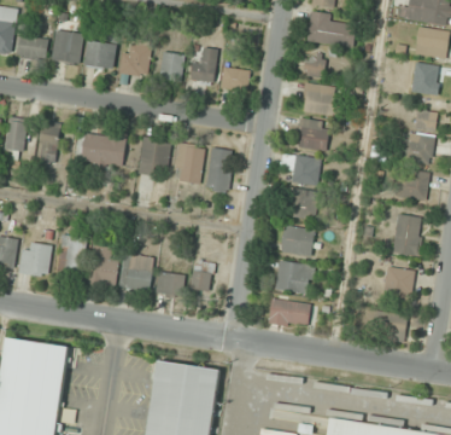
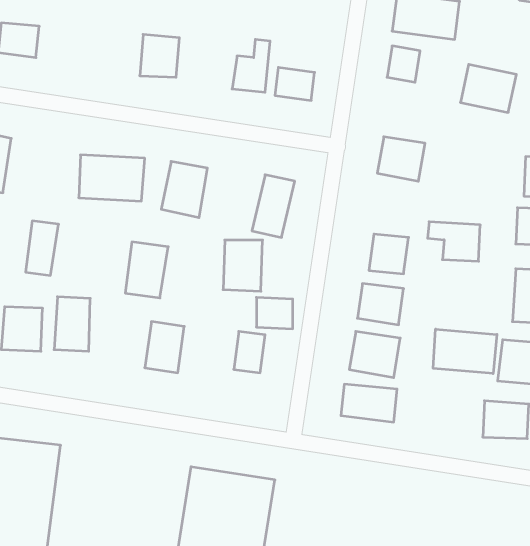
building: [52,30,82,63] -> none
building: [84,33,117,69] -> none
building: [159,51,183,82] -> none
building: [299,82,340,117] -> [460,64,516,112]
building: [36,122,60,162] -> [26,221,59,275]
building: [174,145,203,182] -> [223,240,263,291]
building: [280,155,318,184] -> [428,222,480,261]
building: [88,245,119,286] -> [125,242,168,298]
building: none -> [433,329,497,374]
building: [156,272,182,295] -> [256,297,293,329]

